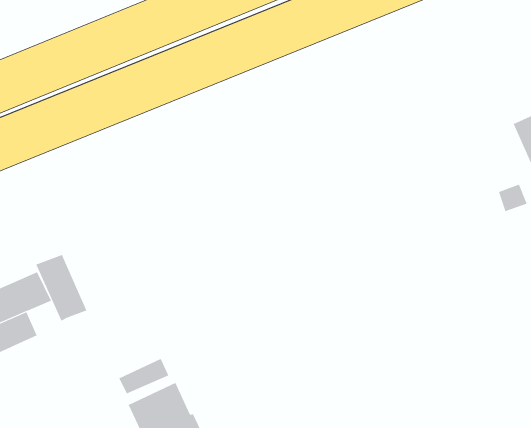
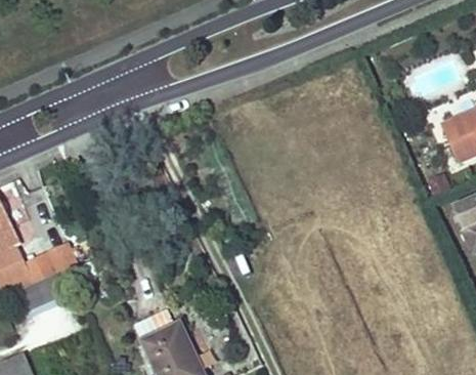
building: [36,254,87,322] -> none

